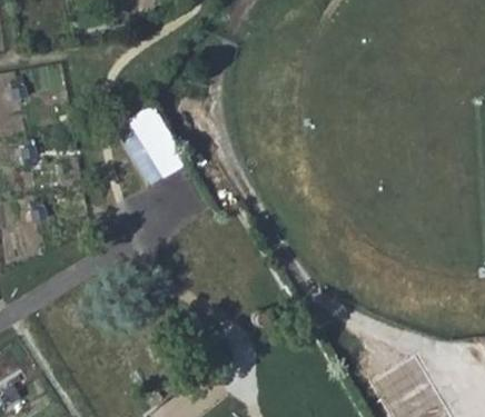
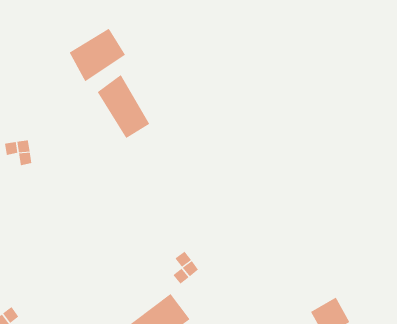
building: none -> [69,28,126,82]

